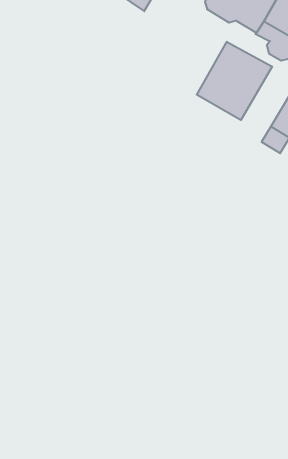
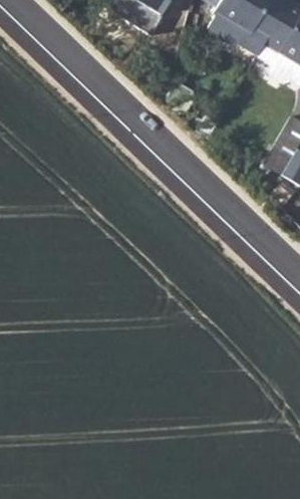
building: [197,42,272,120] -> none

